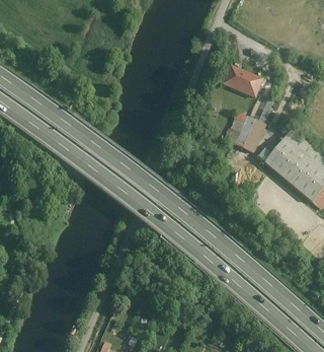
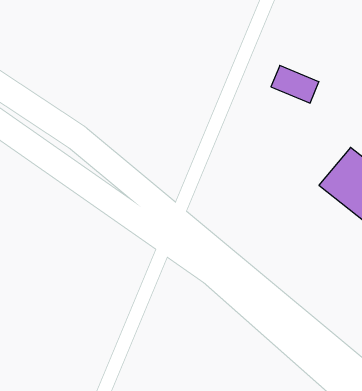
building: [235,114,267,151] -> none

